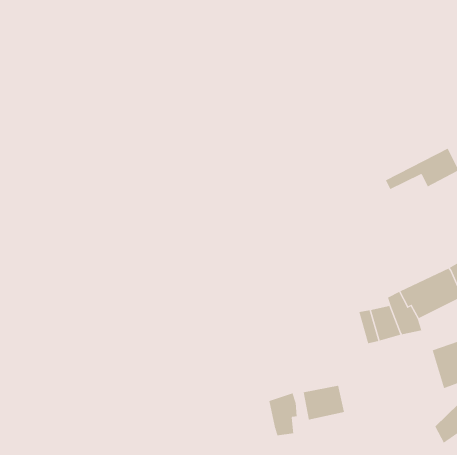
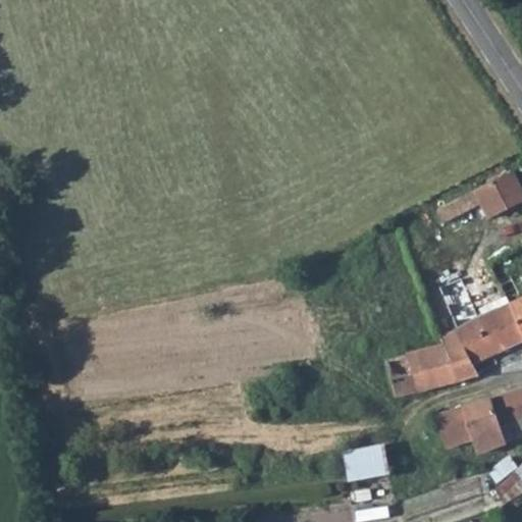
building: none -> [389,355,419,397]
building: none -> [436,399,506,448]
building: [269,392,297,436] -> none

